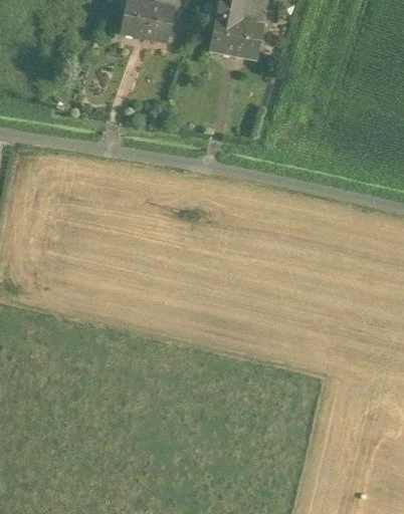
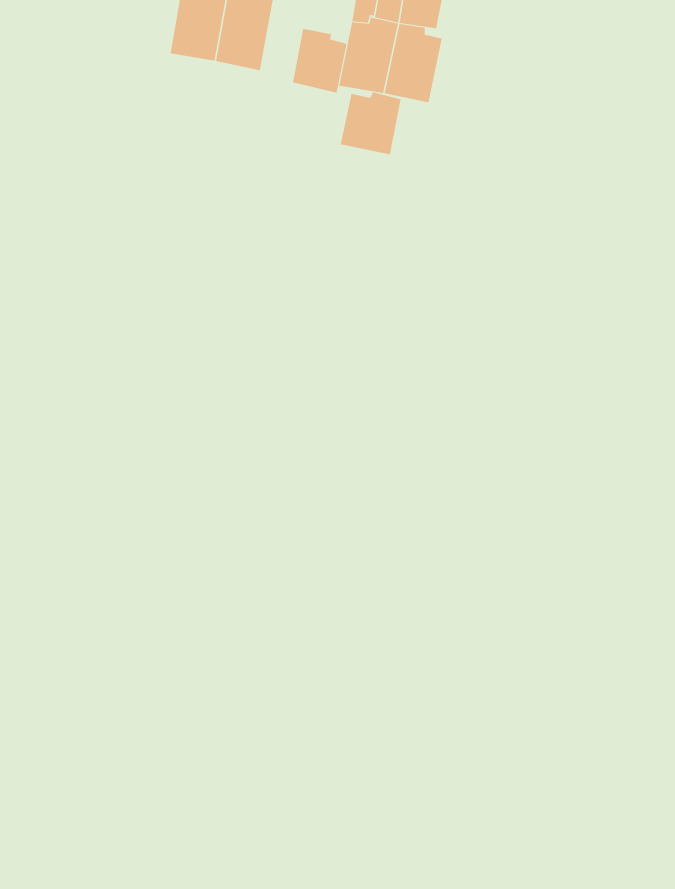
building: none -> [292,28,347,93]
building: none -> [340,92,401,155]

